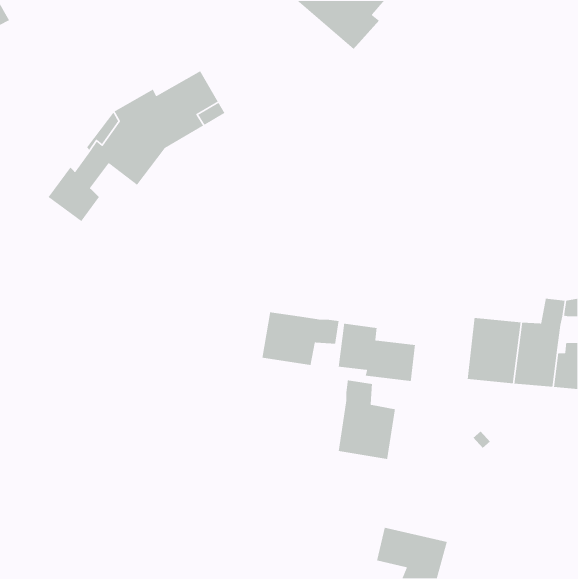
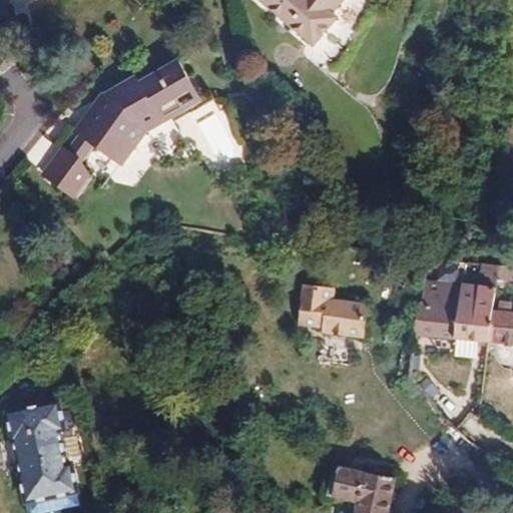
building: [262,311,339,366] -> none
building: [338,380,396,460] -> none
building: none -> [7,402,78,503]

